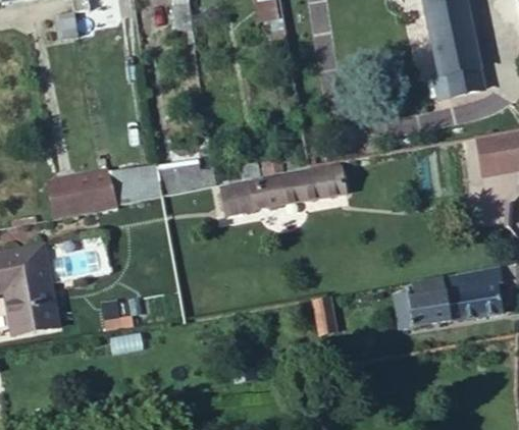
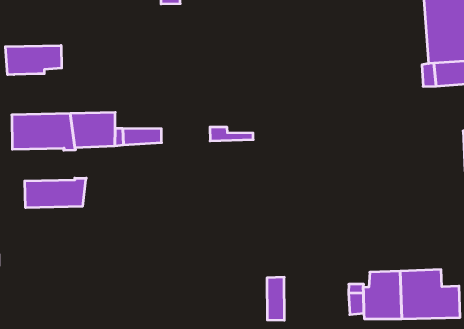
building: none -> [5,45,62,75]
building: [222,167,345,212] -> none
building: none -> [25,178,86,208]

